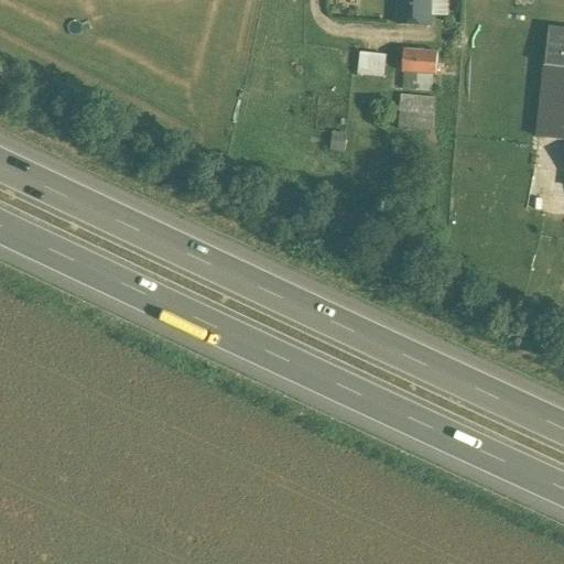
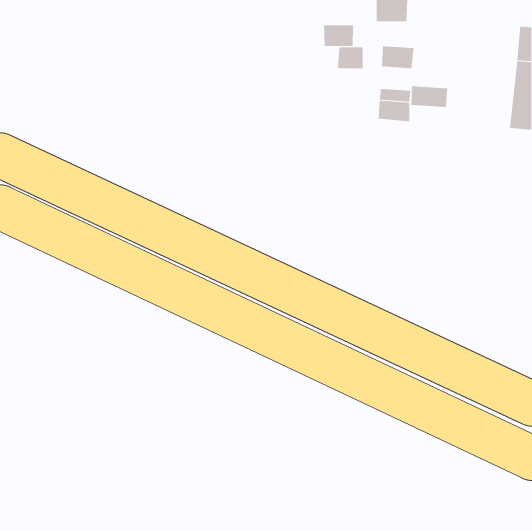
building: none -> [324,24,353,47]
building: none -> [411,86,448,108]

